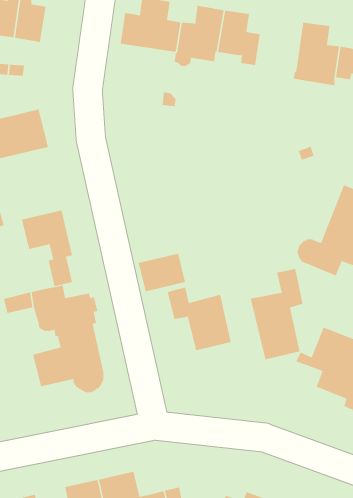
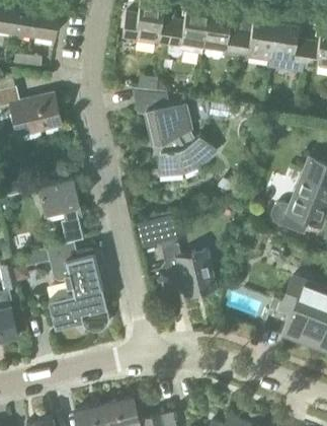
building: none -> [236,17,275,62]
building: none -> [133,89,218,176]
building: [250,268,303,360] -> none

